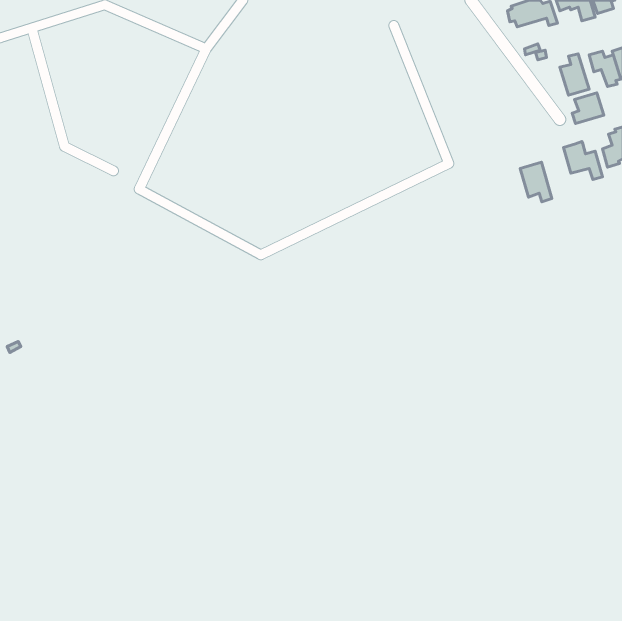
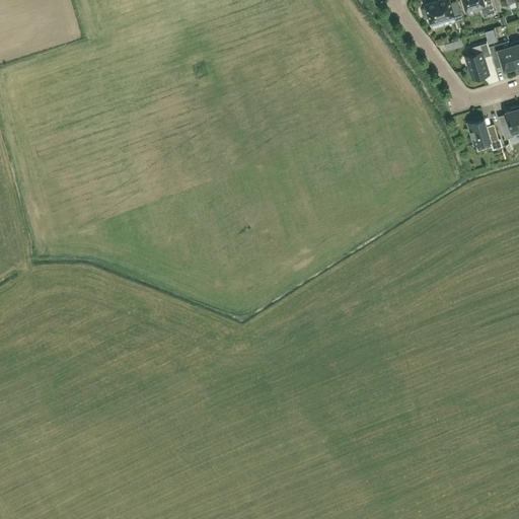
building: [572,93,604,123] -> none
building: [520,162,552,202] -> none

